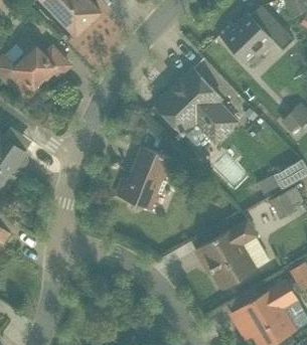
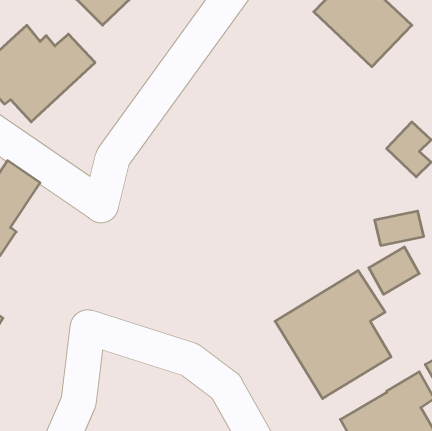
building: [152,54,248,150] -> none
building: [119,150,174,212] -> none

